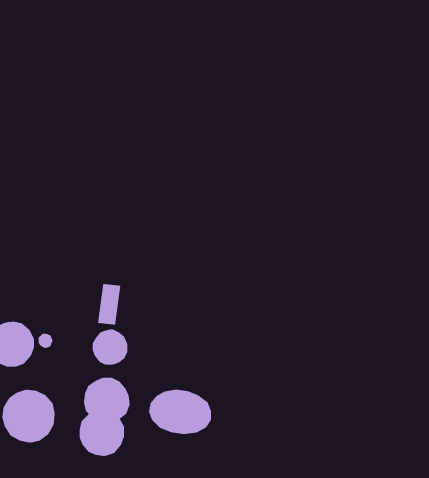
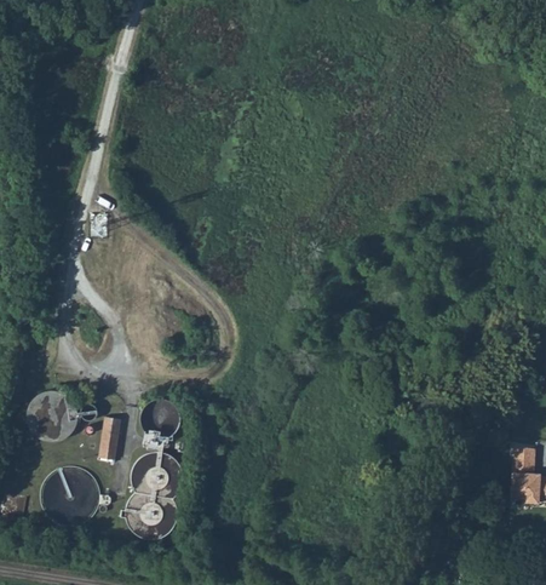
building: [97,283,121,325] -> [97,415,123,461]
building: [149,389,212,435] -> none

